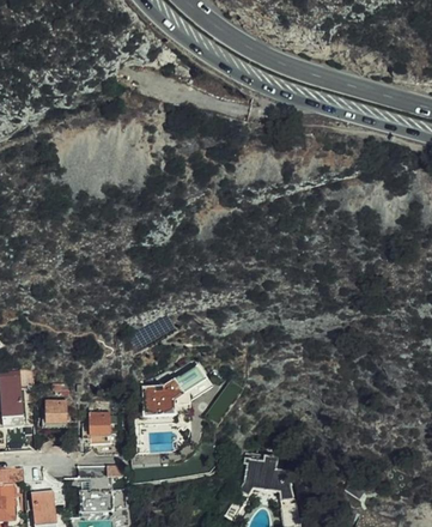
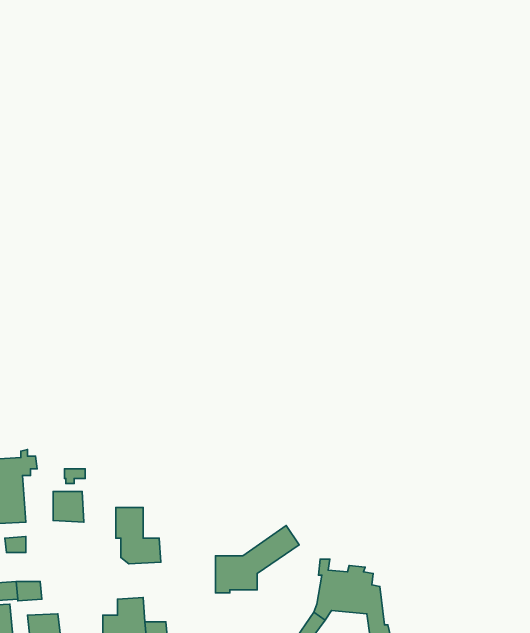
building: [142,363,205,413] -> [215,525,299,593]

